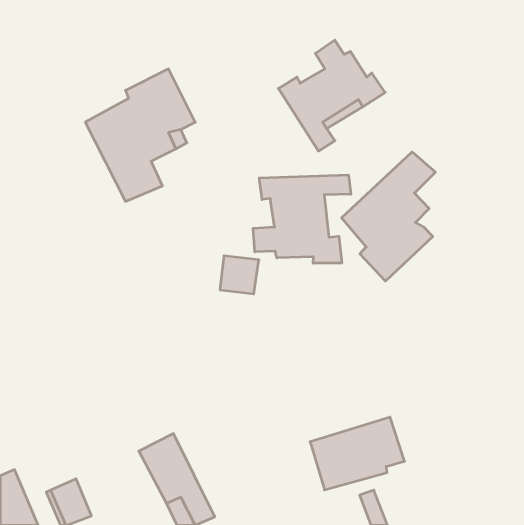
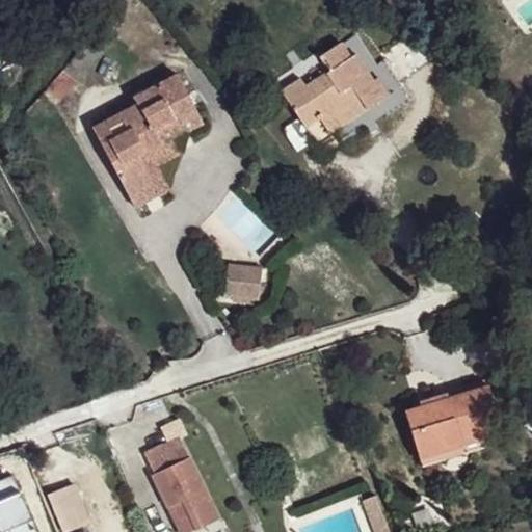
building: [342,152,435,281] -> none
building: [253,175,351,263] -> none
building: [310,417,405,490] -> [406,387,502,460]

